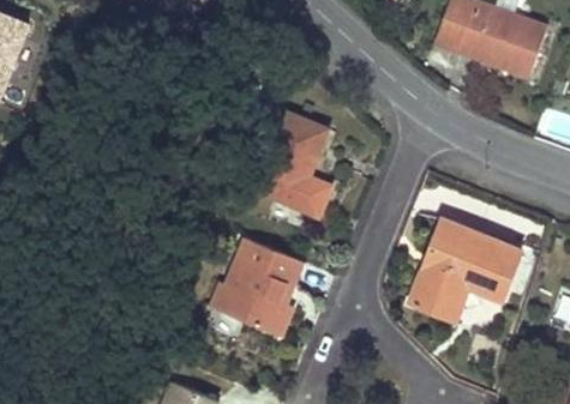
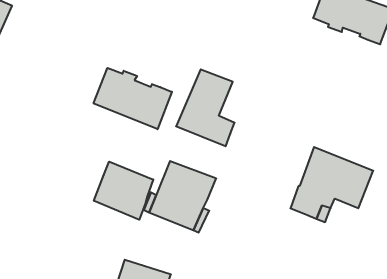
building: none -> [94,68,172,129]
building: none -> [94,162,153,220]

